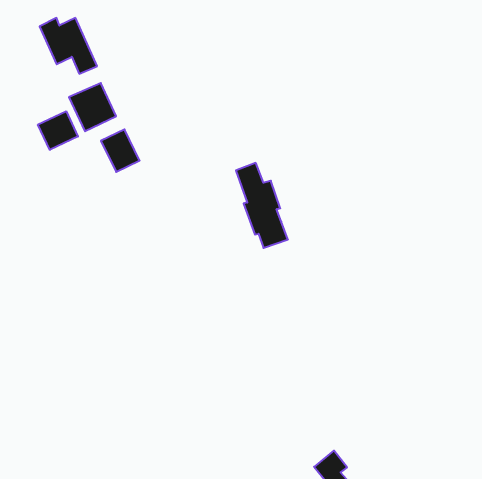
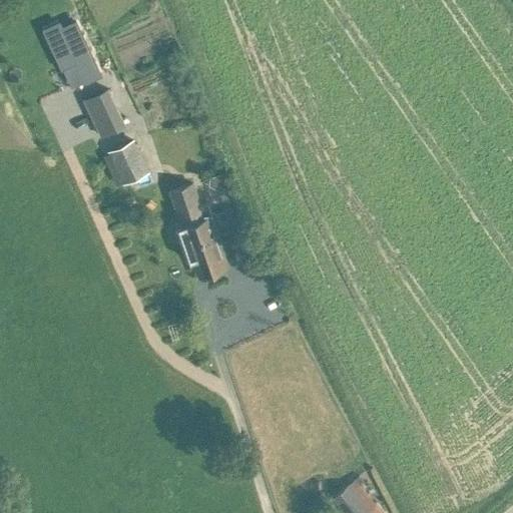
building: [38,111,78,150] -> none
building: [236,163,288,248] -> [170,186,225,277]

